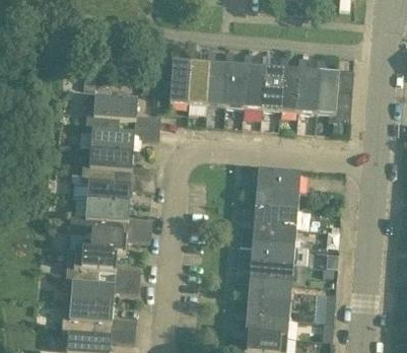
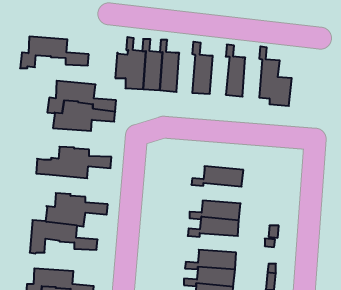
building: [224,51,246,108] -> none
building: [261,54,283,110] -> none
building: [297,56,319,113] -> none
building: [80,146,155,181] -> [20,37,89,68]
building: [244,169,299,192] -> none
building: [68,197,151,232] -> none
building: [241,206,296,228] -> none
building: [236,261,292,282] -> none
building: [70,267,138,302] -> none

